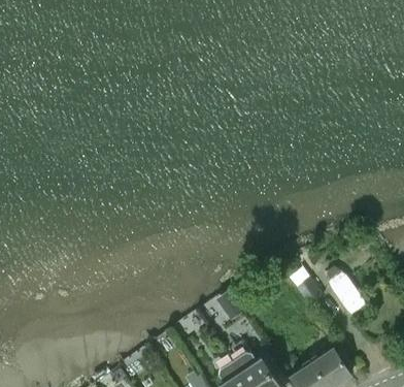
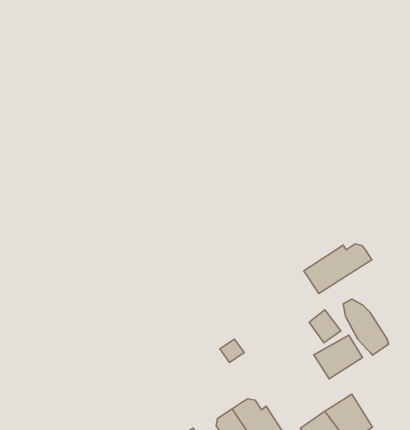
building: none -> [304,244,372,294]
building: none -> [314,335,363,379]

